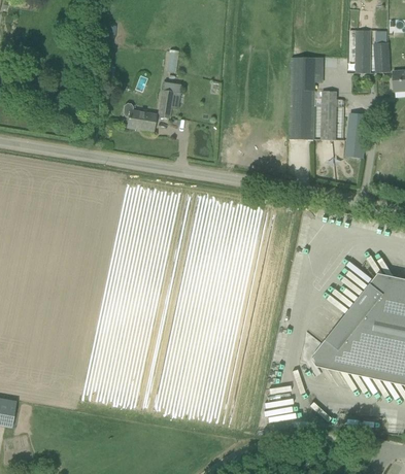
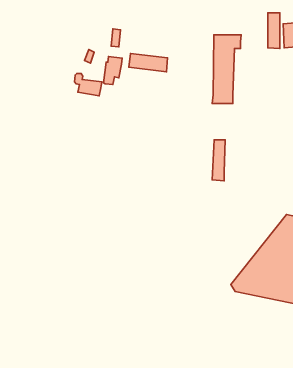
building: none -> [129,53,167,72]
building: [320,91,336,140] -> [212,140,225,181]
building: [347,112,368,158] -> none

